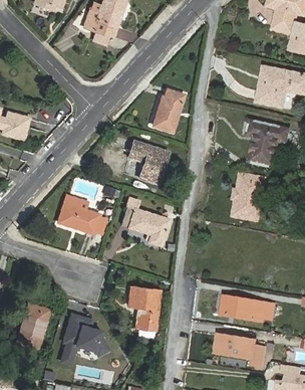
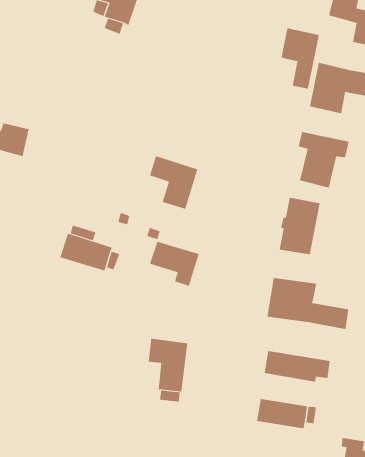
building: none -> [281,28,319,90]
building: [152,88,184,131] -> none
building: none -> [267,277,349,330]
building: [16,303,49,348] -> none
building: [63,322,100,350] -> none

